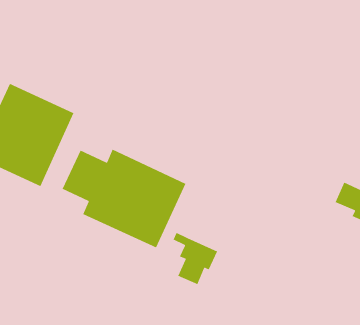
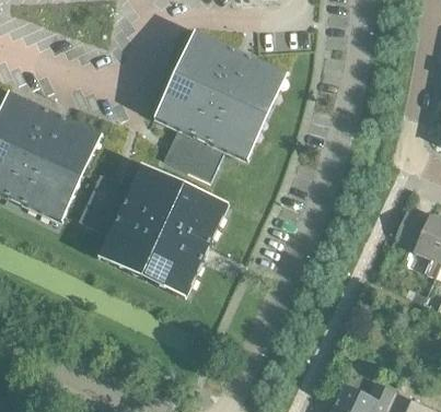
building: none -> [163,36,280,181]
building: [172,232,218,285] -> none

